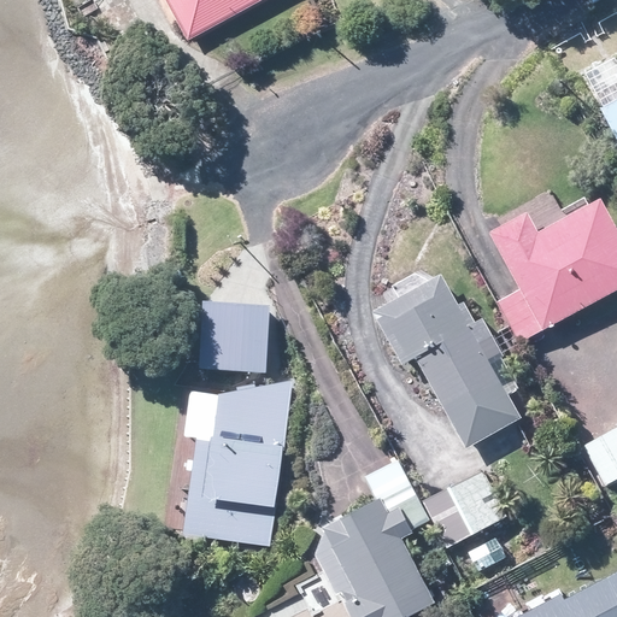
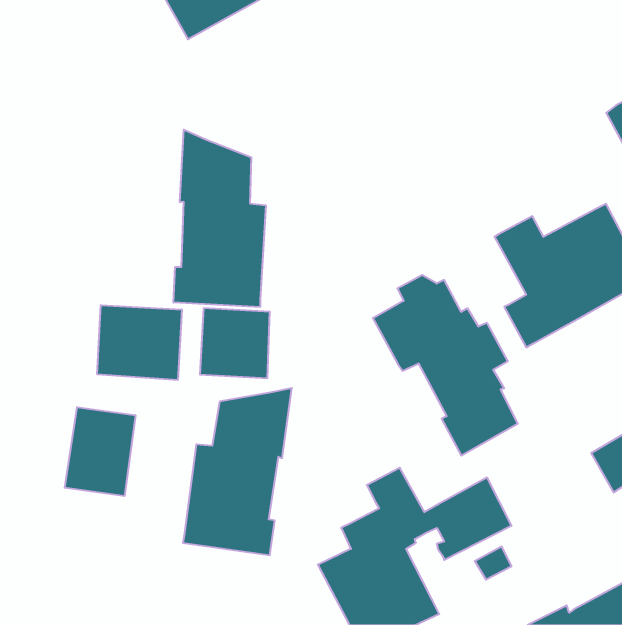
building: none -> [173,130,266,307]
building: none -> [97,305,182,380]
building: none -> [65,407,135,496]

